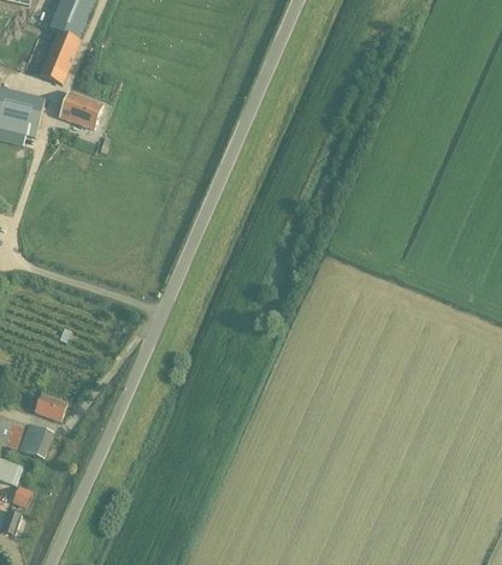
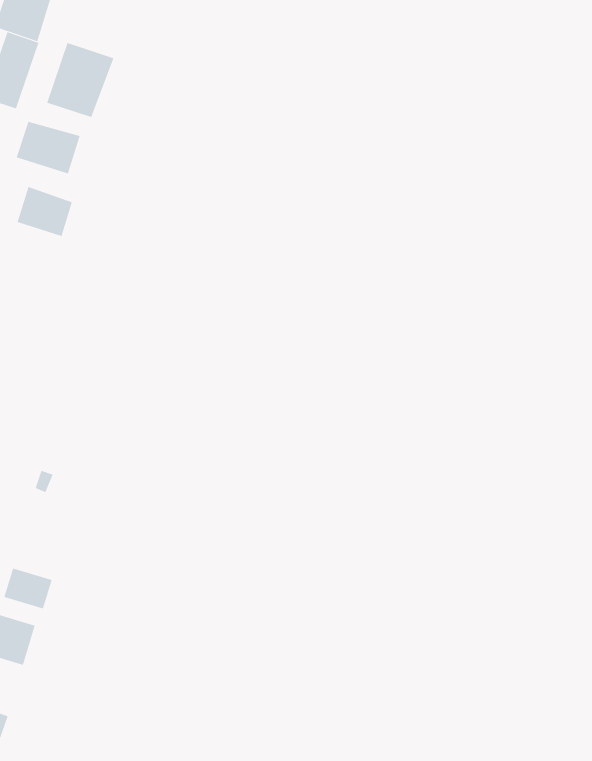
building: none -> [46,42,114,118]
building: none -> [17,186,72,237]

